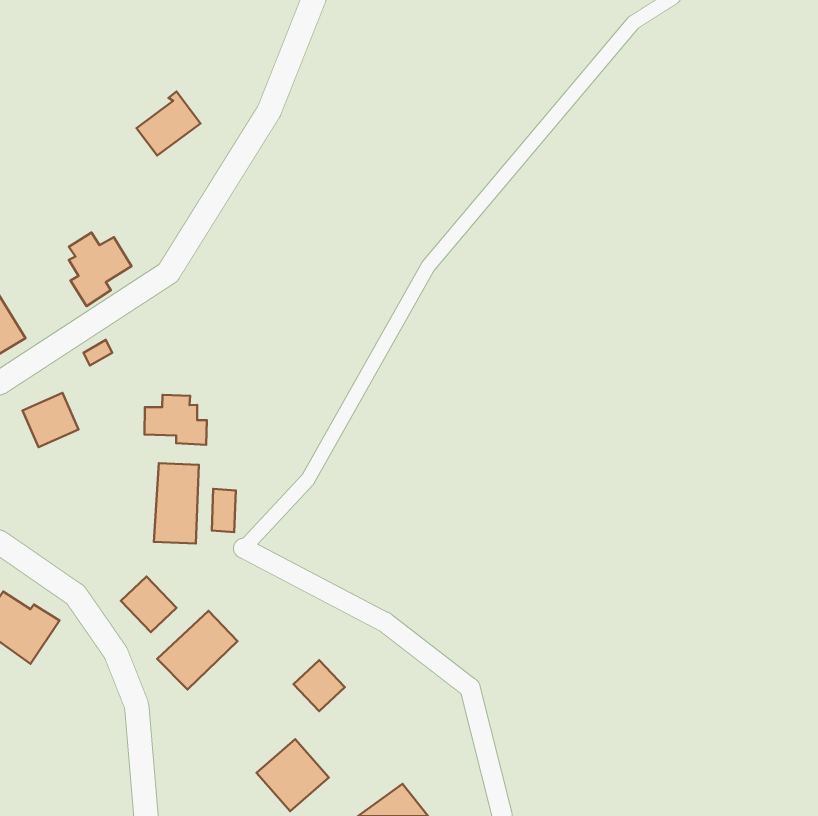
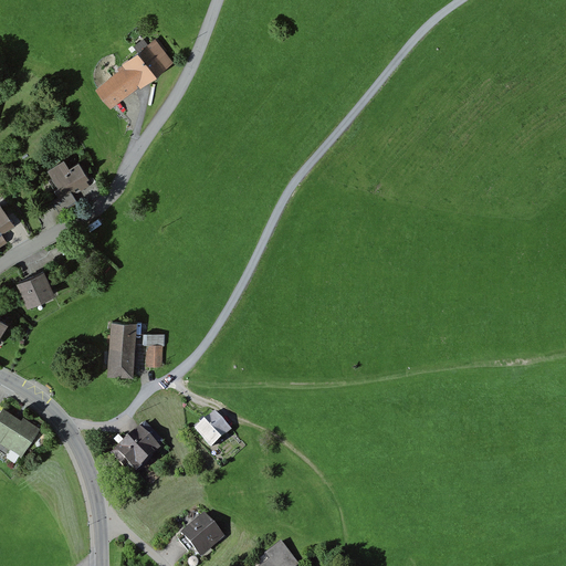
building: none -> [122,36,171,86]
building: [145,395,207,445] -> none
building: [121,577,176,632] -> none
building: [294,660,345,711] -> [193,412,229,448]

